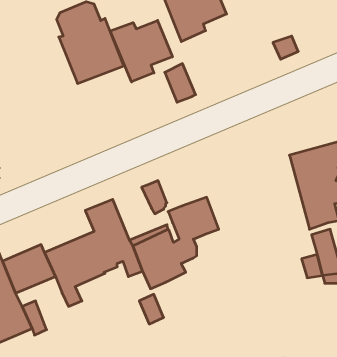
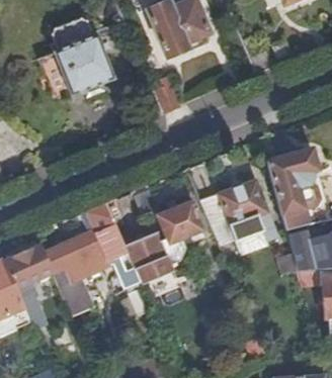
building: [110,20,172,82] -> none
building: none -> [200,178,269,238]

